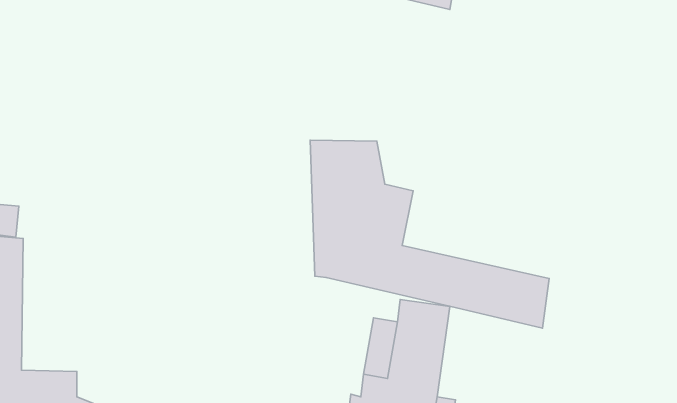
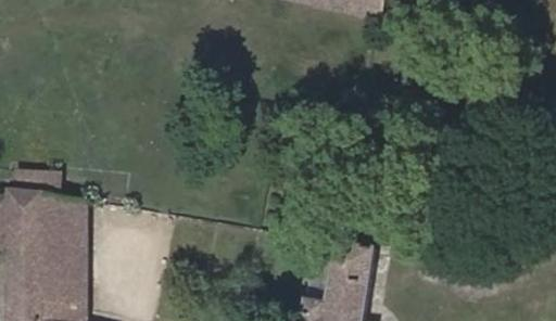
building: [310,140,549,328] -> none
building: none -> [42,192,86,294]

